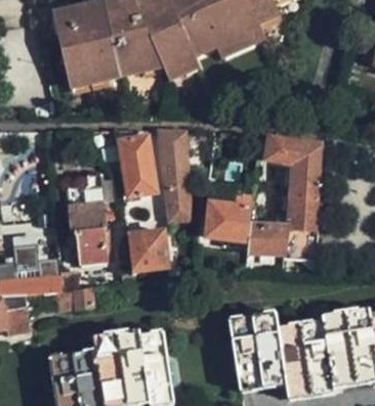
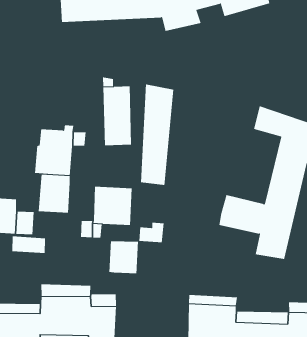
building: [205,188,253,239] -> none
building: none -> [109,240,138,274]

